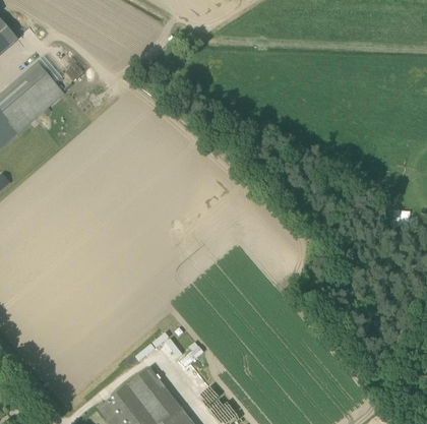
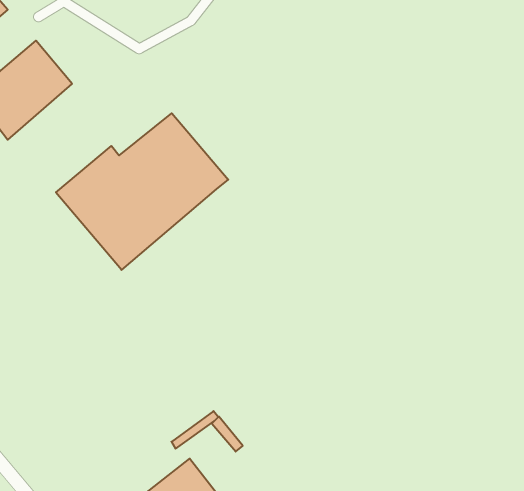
building: none -> [56,113,228,270]

